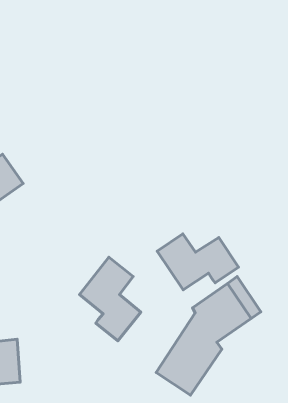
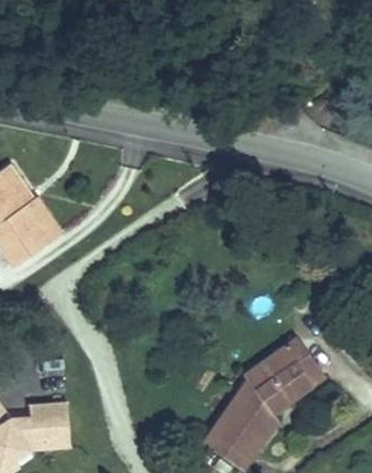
building: [157,234,239,290] -> none
building: [80,257,141,341] -> none

